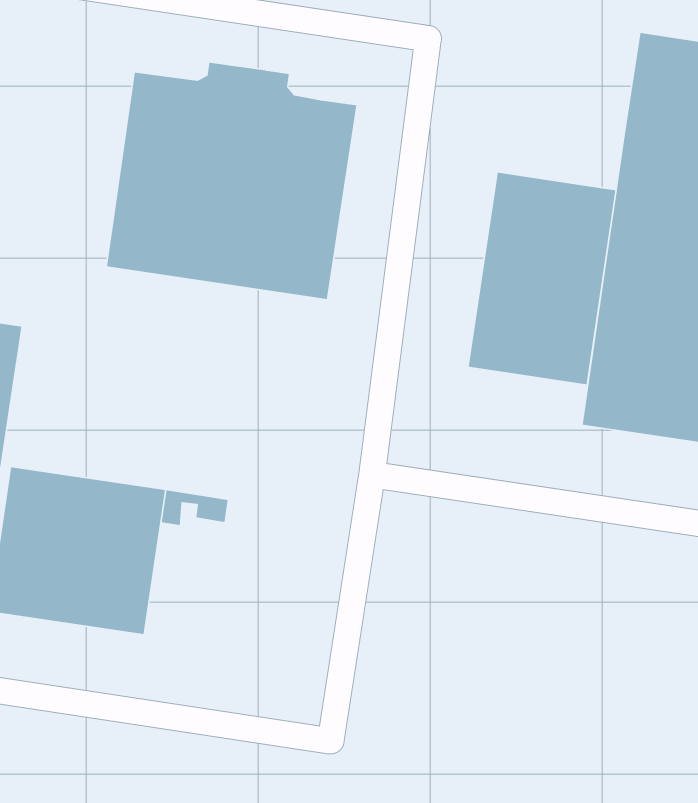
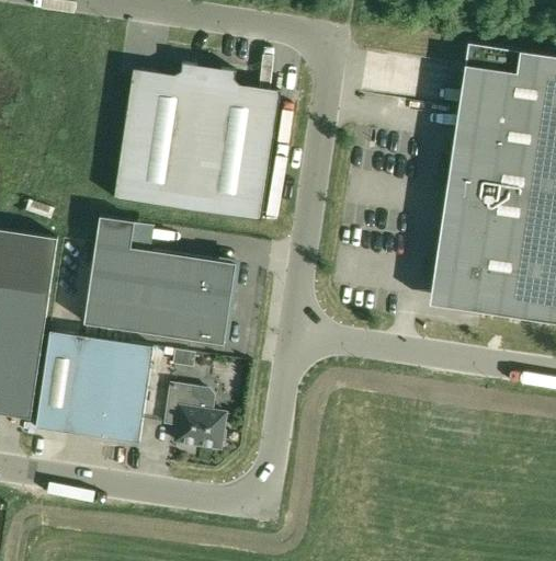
building: [468,172,616,385] -> none
building: none -> [83,216,236,345]
building: none -> [164,383,226,448]

